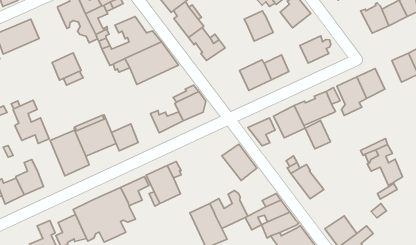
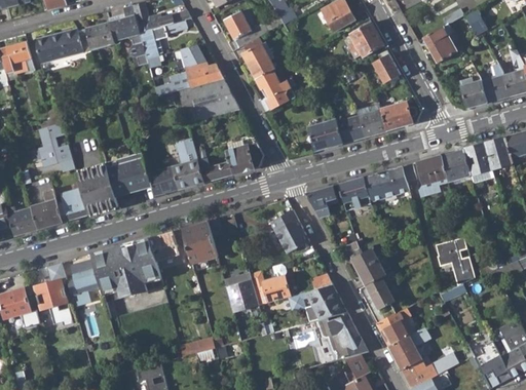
building: [244,11,273,41] -> [356,104,387,136]
building: [52,53,81,80] -> [84,22,116,50]
building: none -> [463,143,491,174]
building: none -> [173,139,203,190]
building: [305,120,331,149] -> none
building: none -> [57,189,87,223]
building: none -> [365,278,394,310]

